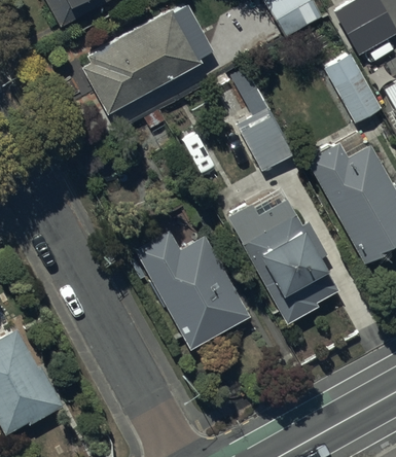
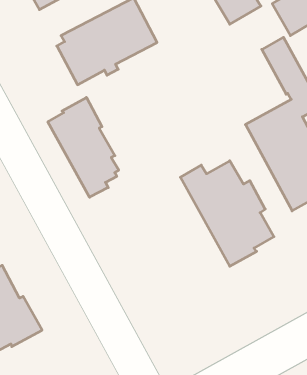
building: [230,67,296,174] -> none
building: none -> [48,97,119,197]
building: [133,232,250,352] -> none

